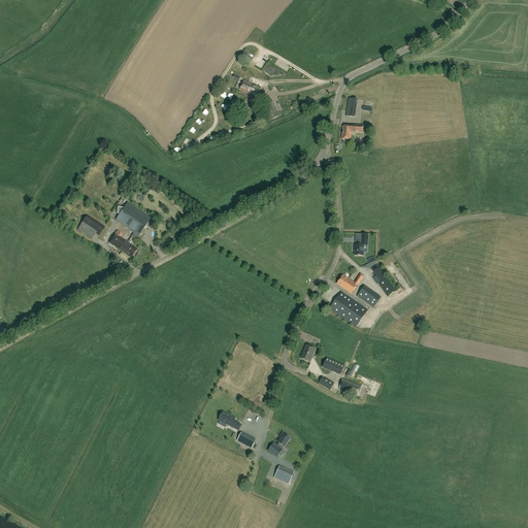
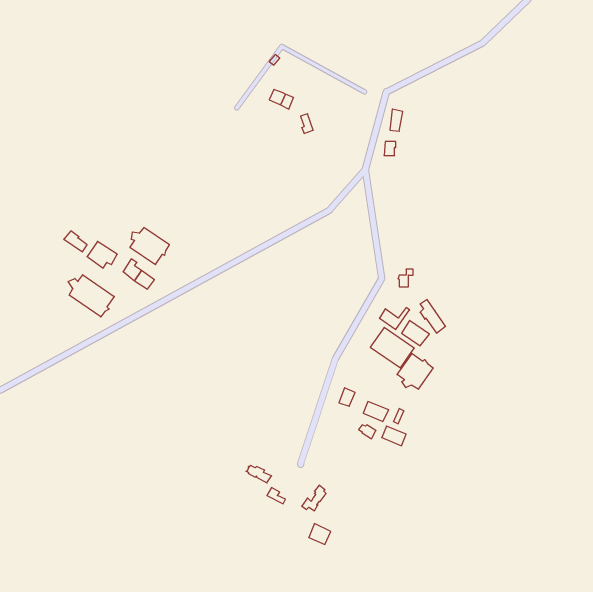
building: none -> [68,275,114,317]
building: none -> [397,353,433,389]

